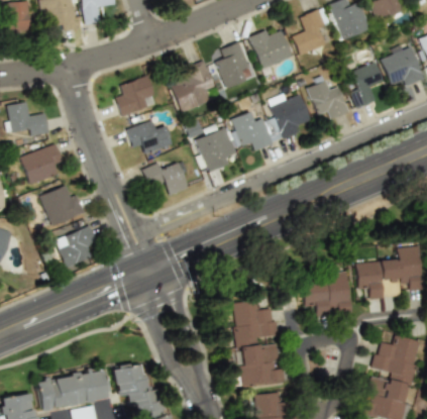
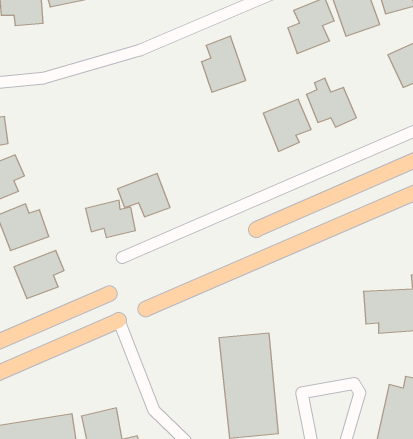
building: [248,28,294,71] -> none
building: [171,62,218,112] -> none
building: [348,62,385,109] -> none
building: [115,76,155,117] -> none
building: [231,112,274,151] -> none
building: [127,121,171,153] -> [85,200,135,238]
building: [196,127,236,173] -> none
building: [303,273,351,317] -> none

